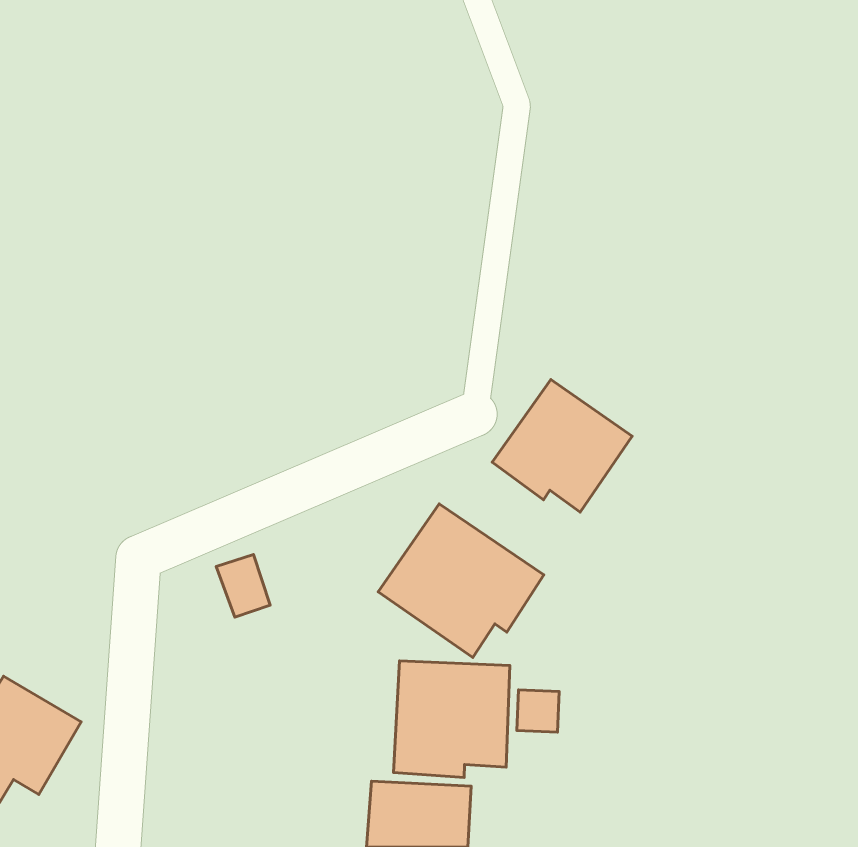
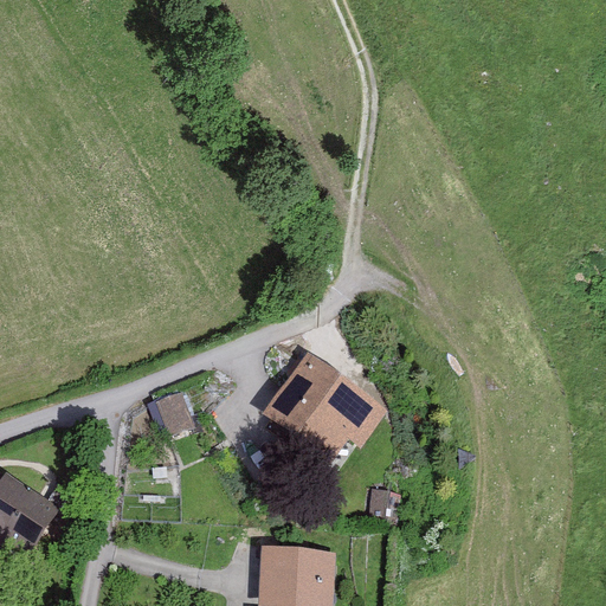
building: [492,380,632,512] -> none
building: [393,661,510,777] -> none

